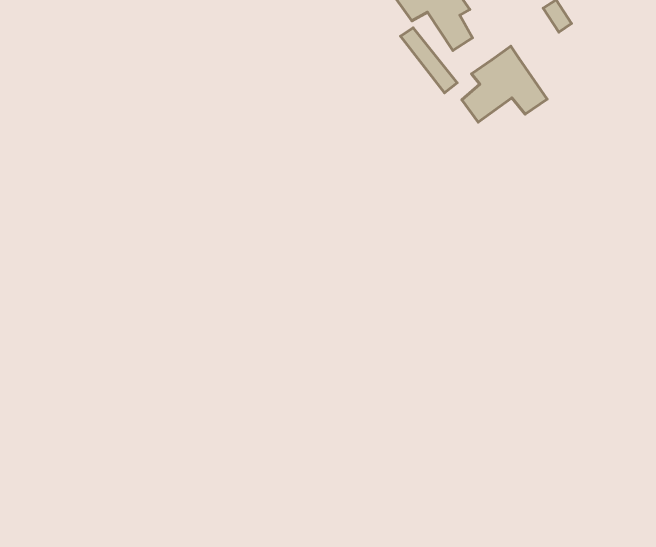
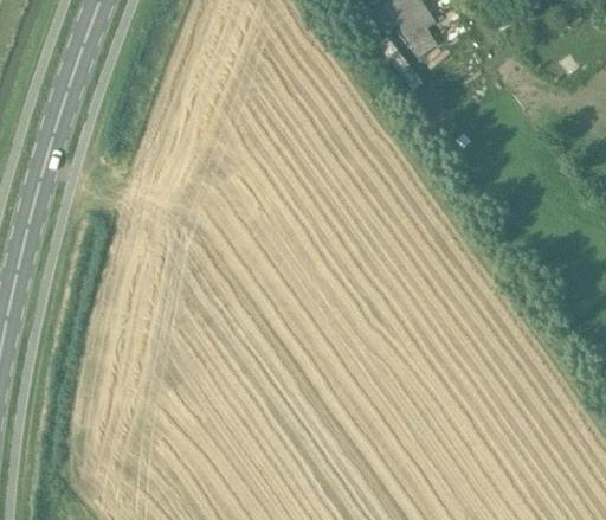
building: [462,46,547,122] -> none

